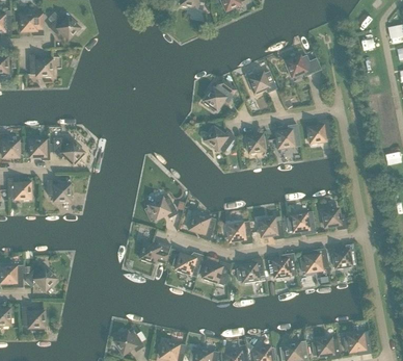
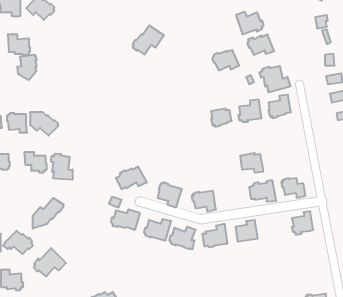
building: none -> [236,12,264,34]
building: none -> [17,55,37,80]
building: [204,79,237,110] -> [133,25,164,55]
building: none -> [260,66,291,92]
building: [205,128,235,152] -> none
building: none -> [51,154,72,180]
building: [259,218,284,239] -> [240,153,263,172]
building: none -> [33,198,64,229]
building: [300,249,327,274] -> none
building: none -> [34,248,66,277]

